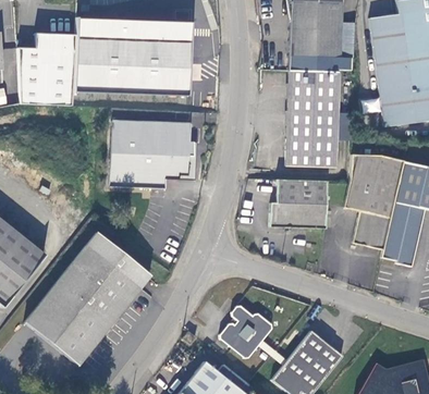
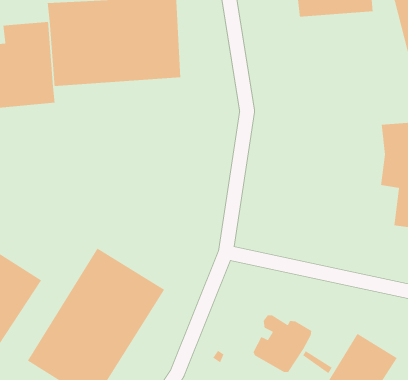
building: [287,69,339,167] -> none
building: [110,118,194,185] -> none
building: [270,177,329,227] -> none

